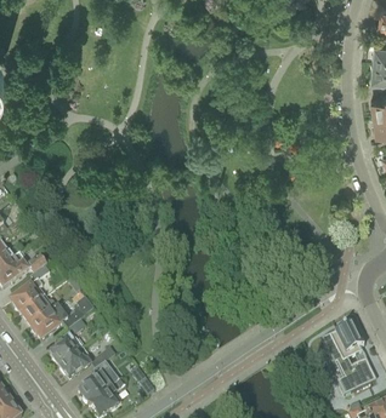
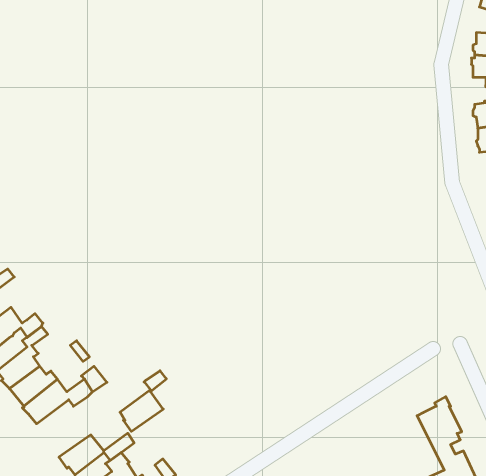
building: [49,321,84,367] -> [120,371,166,431]

